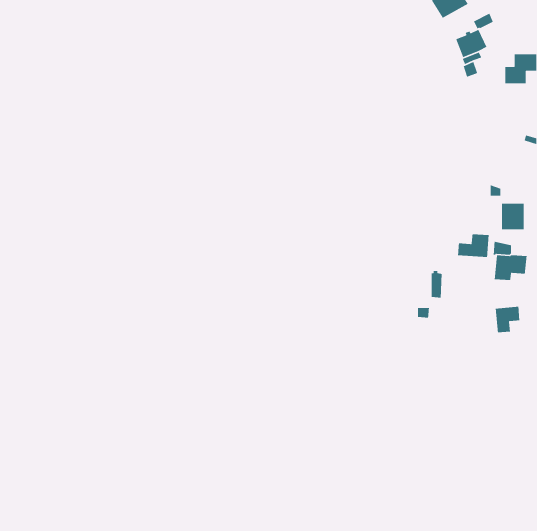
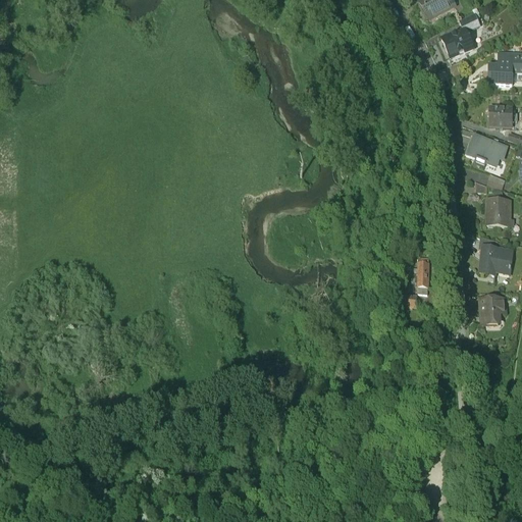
building: none -> [489,105,516,123]
building: none -> [465,133,506,163]
building: [457,233,490,258] -> none

